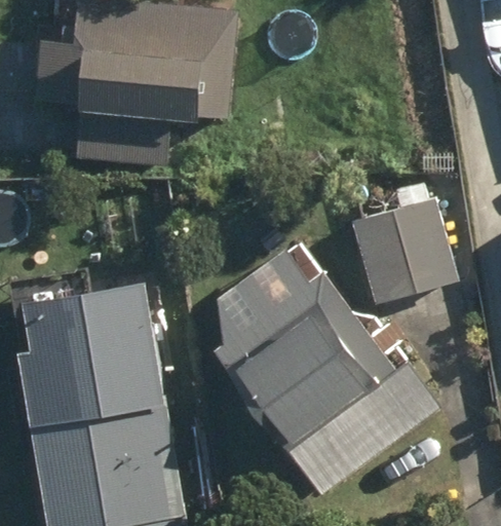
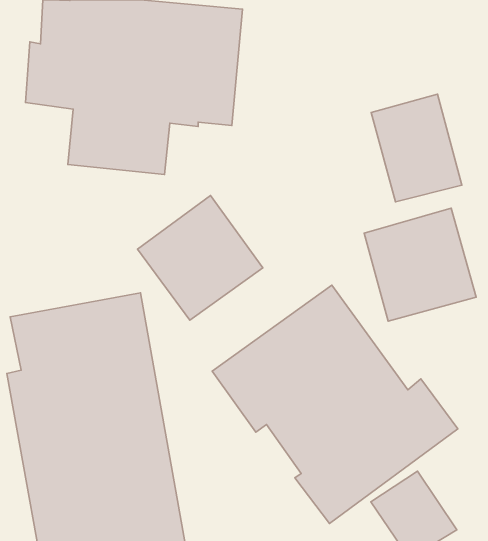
building: none -> [371,94,462,202]
building: none -> [138,195,263,320]

